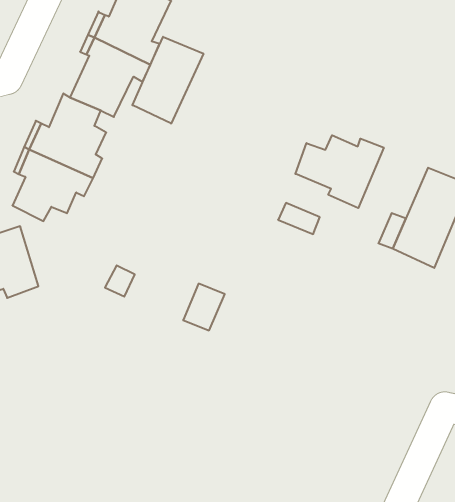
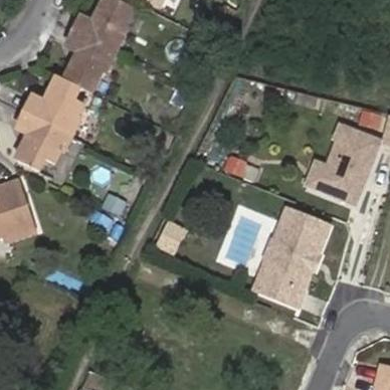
building: [132,37,203,124] -> none
building: [295,135,384,208] -> none
building: none -> [248,210,326,307]

